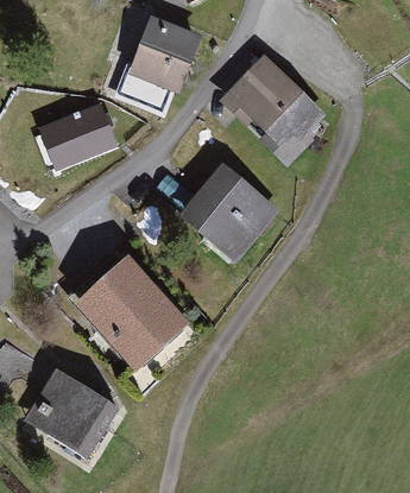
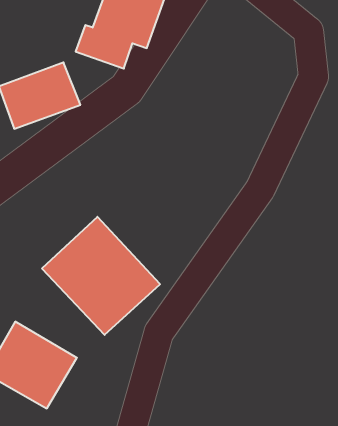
building: [212,56,327,170] -> none
building: [182,168,275,260] -> none

